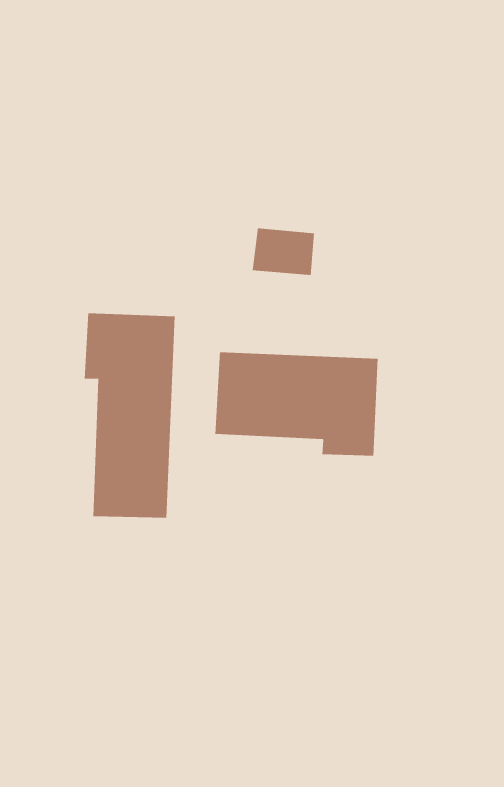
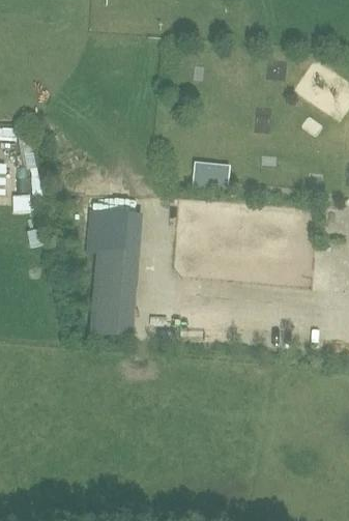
building: [215,351,378,456] -> none

